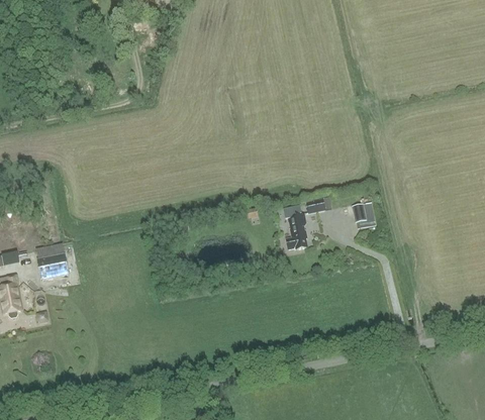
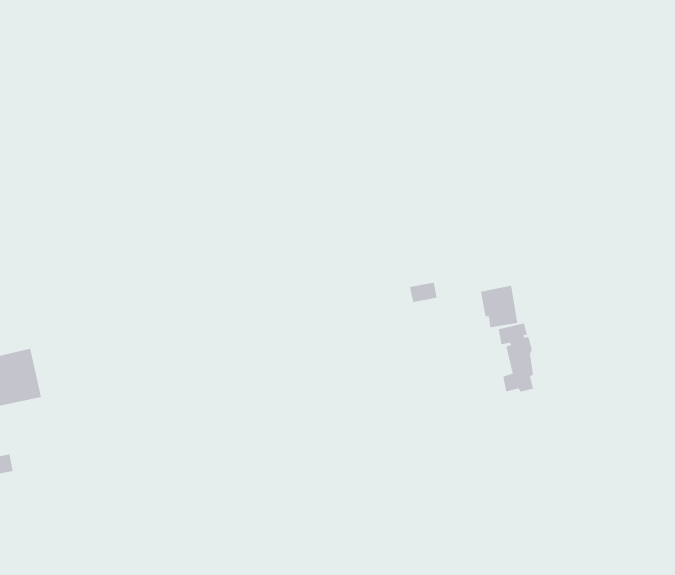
building: [283,204,306,248] -> [498,323,534,392]

